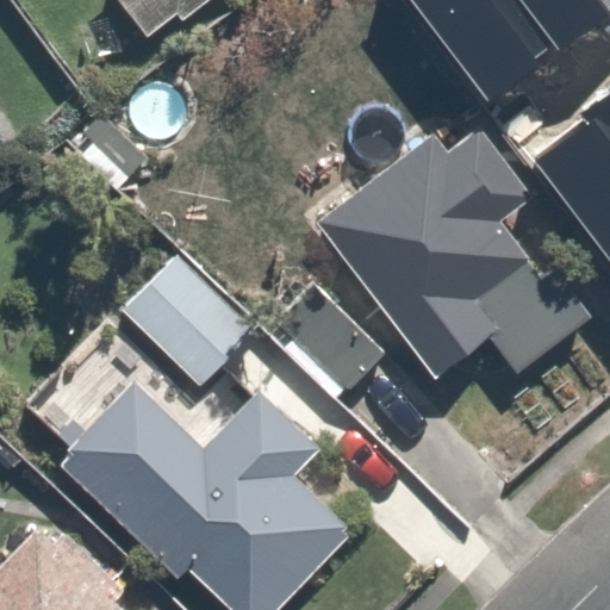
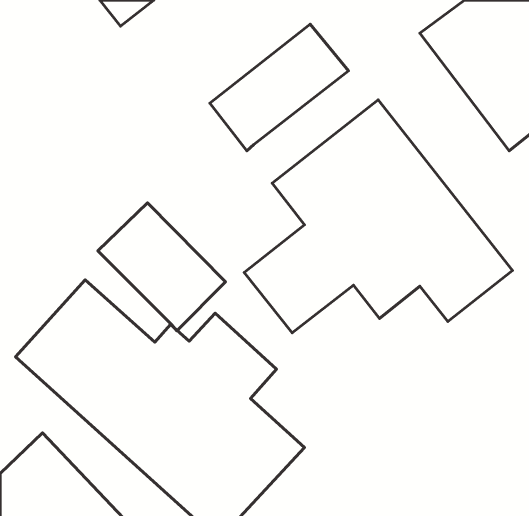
building: none -> [210,24,349,151]

